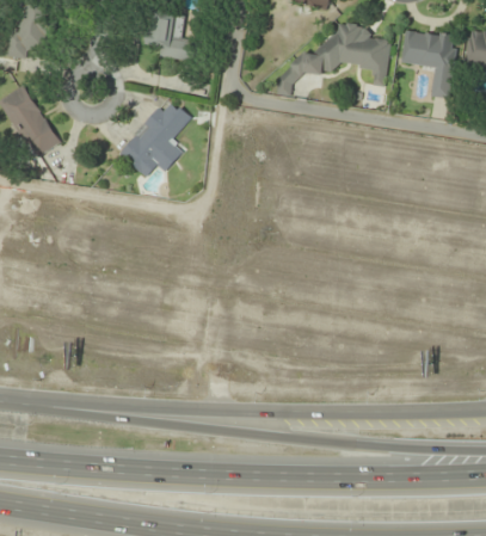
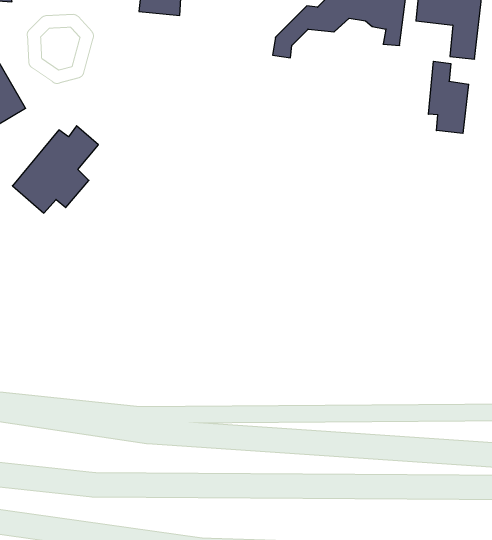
building: none -> [428,61,469,133]
building: [116,101,191,178] -> [12,126,98,213]

